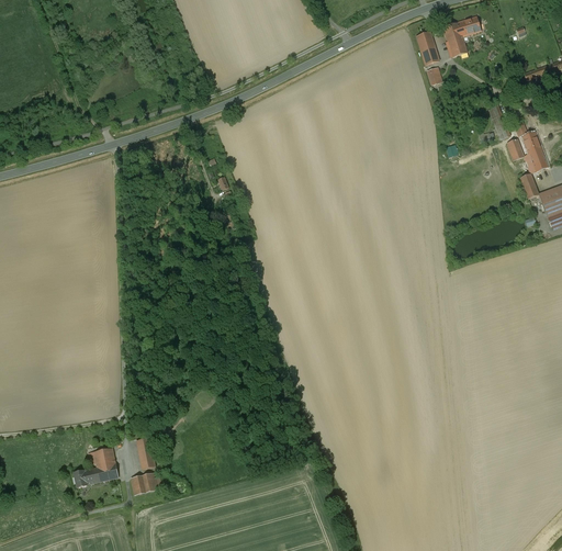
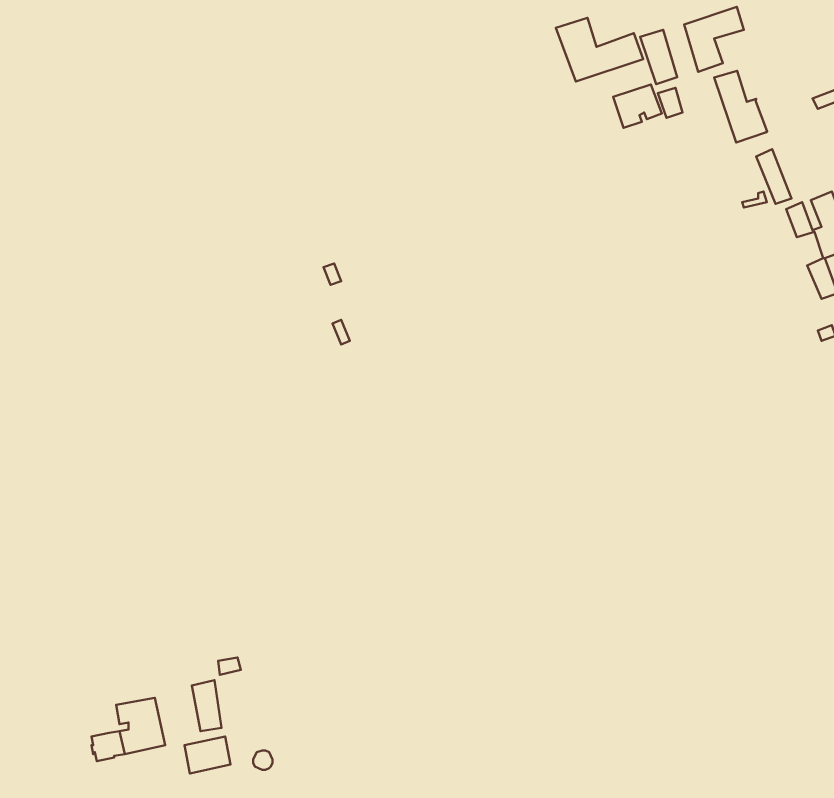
building: none -> [556,18,643,82]
building: none -> [714,71,767,143]
building: none -> [613,84,662,128]

